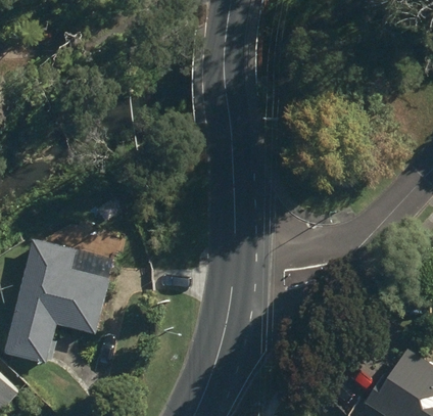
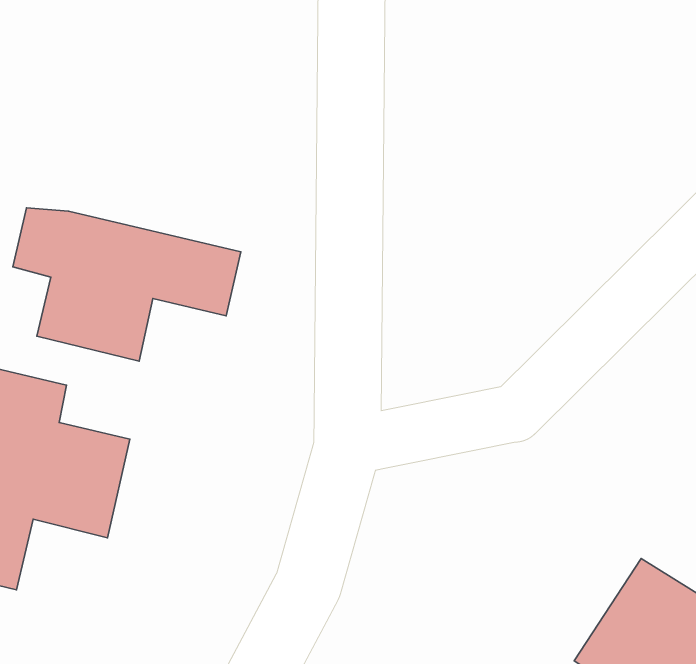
building: none -> [13,208,241,361]

